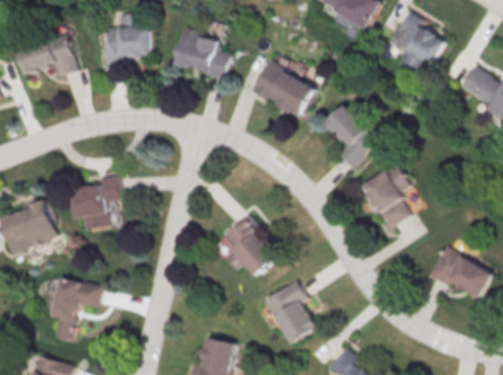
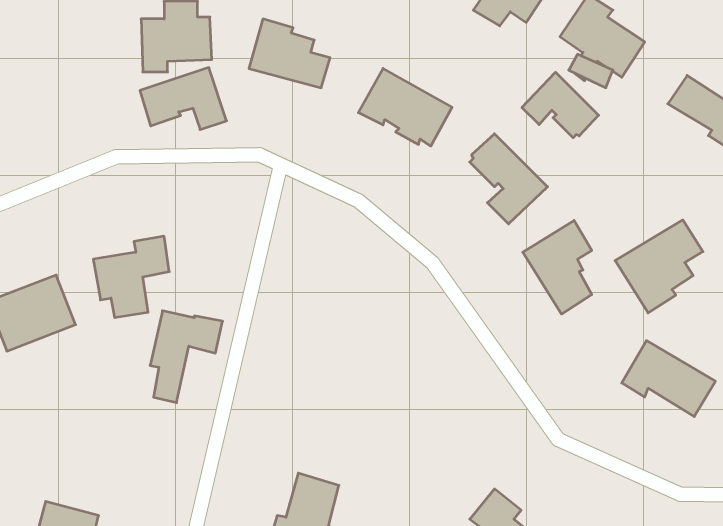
building: [17,35,76,77] -> [140,68,227,130]
building: none -> [522,72,599,138]
building: none -> [615,220,703,313]
building: [222,215,277,278] -> none
building: [50,279,100,341] -> [150,311,223,403]
building: [262,279,317,345] -> none

